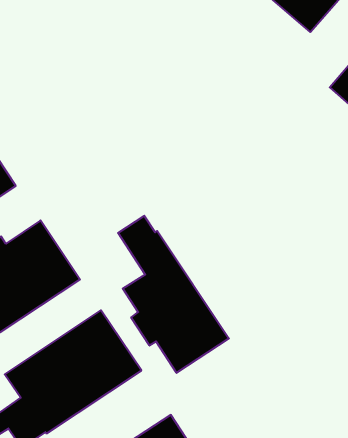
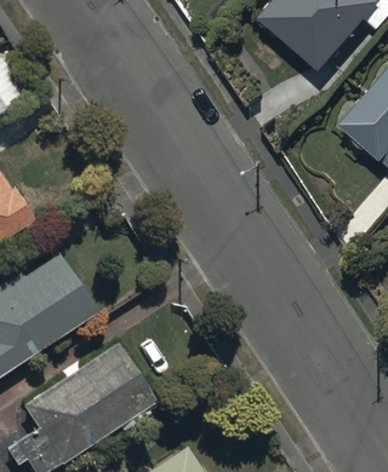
building: [118,216,229,373] -> none

